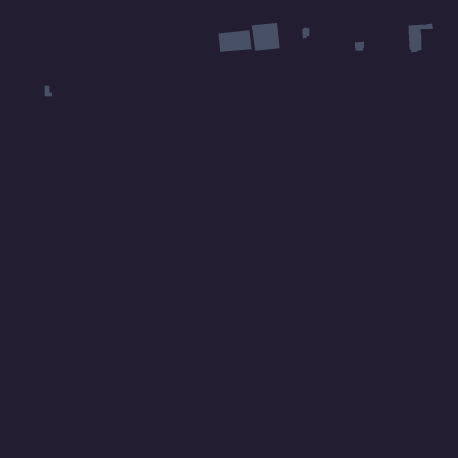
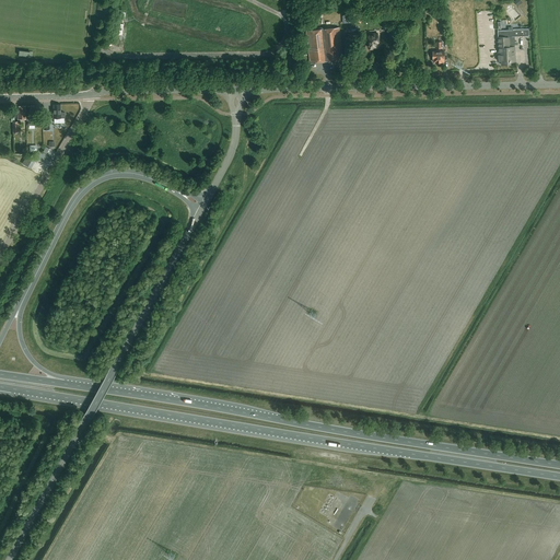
building: [218,29,252,53] -> none

